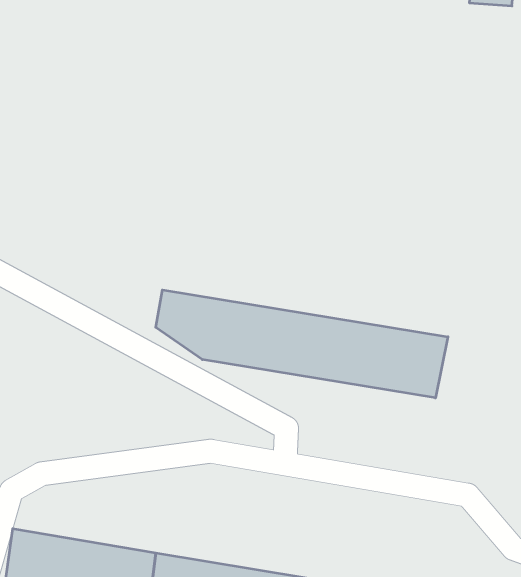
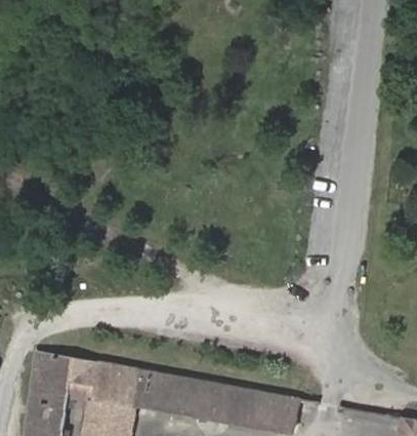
building: [156,290,448,398] -> none

